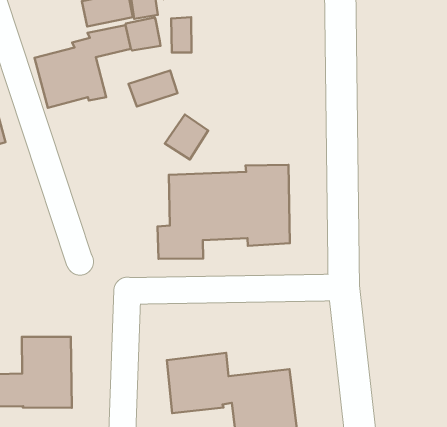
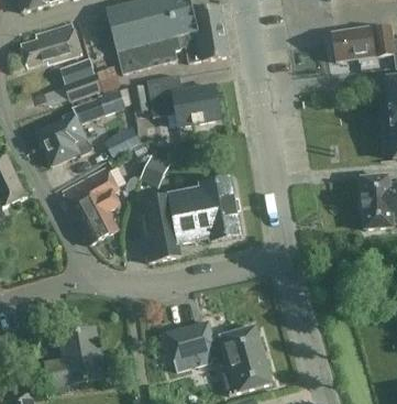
building: none -> [147,74,222,127]
building: none -> [63,166,121,244]

